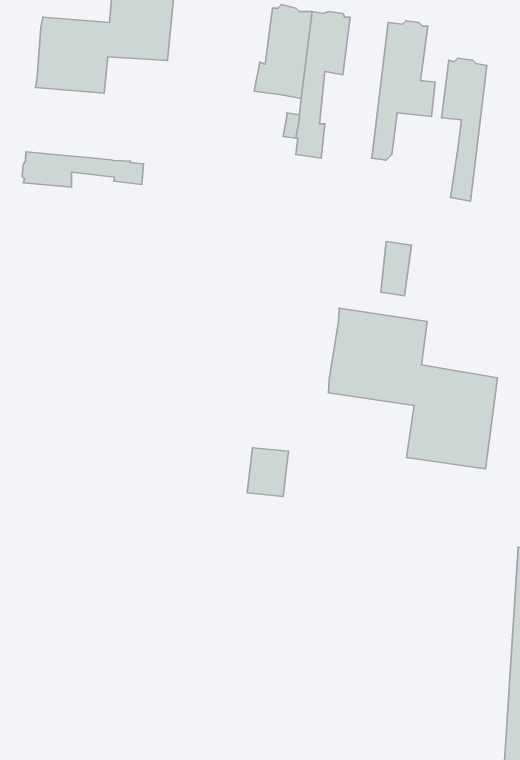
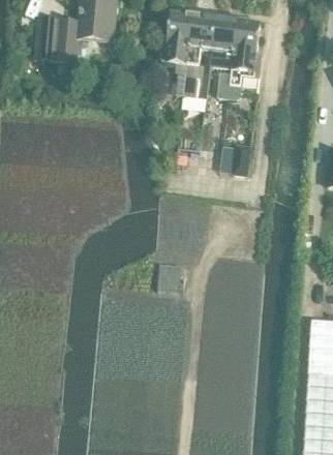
building: [442,58,487,201] -> [212,14,238,96]
building: [22,152,143,187] -> none
building: [329,308,498,469] -> none

